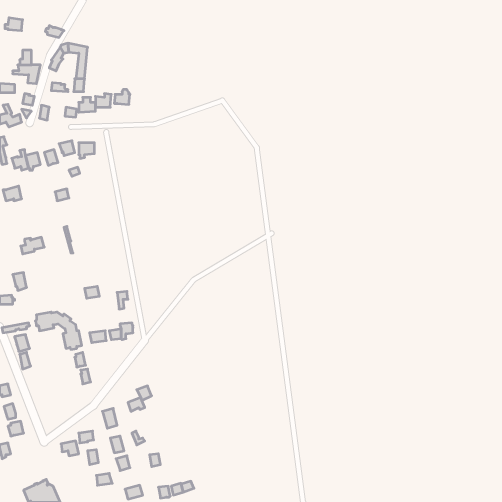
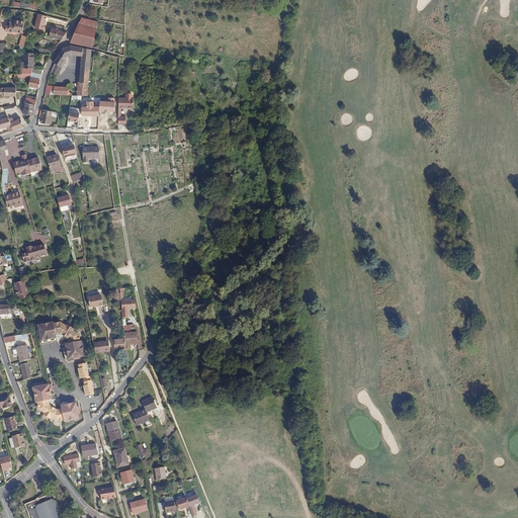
building: none -> [70,16,97,47]
building: none -> [31,382,79,421]

